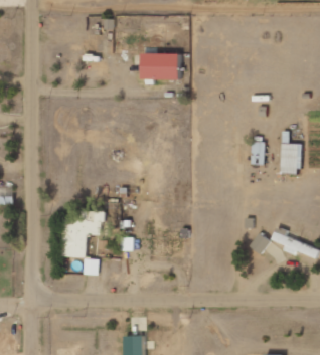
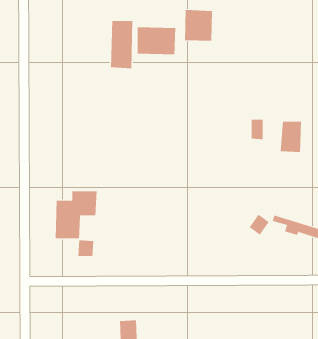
building: none -> [184,9,212,41]
building: none -> [111,20,133,69]

